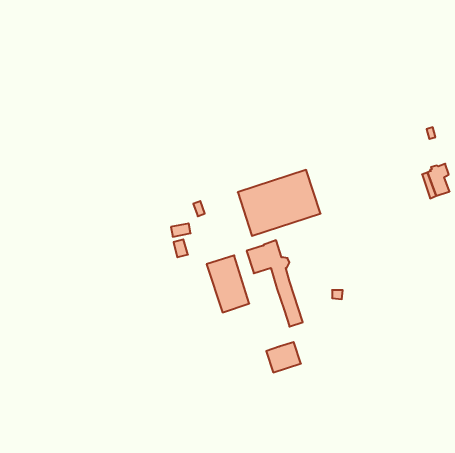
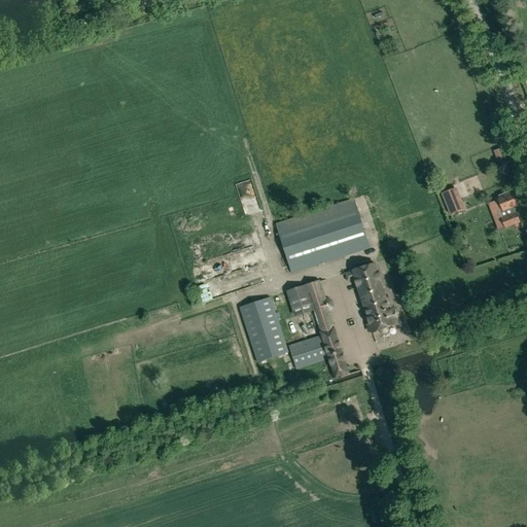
building: none -> [441,185,465,213]
building: none -> [345,262,397,331]
building: [266,342,301,372] -> [288,333,328,368]

